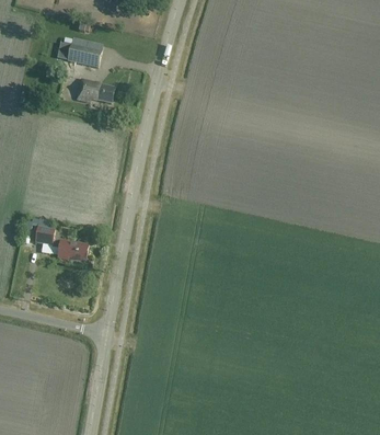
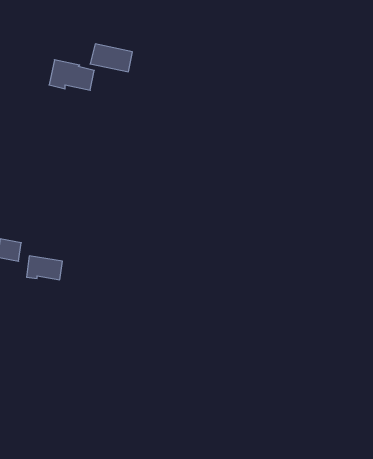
building: [66,43,101,66] -> [90,44,132,72]

